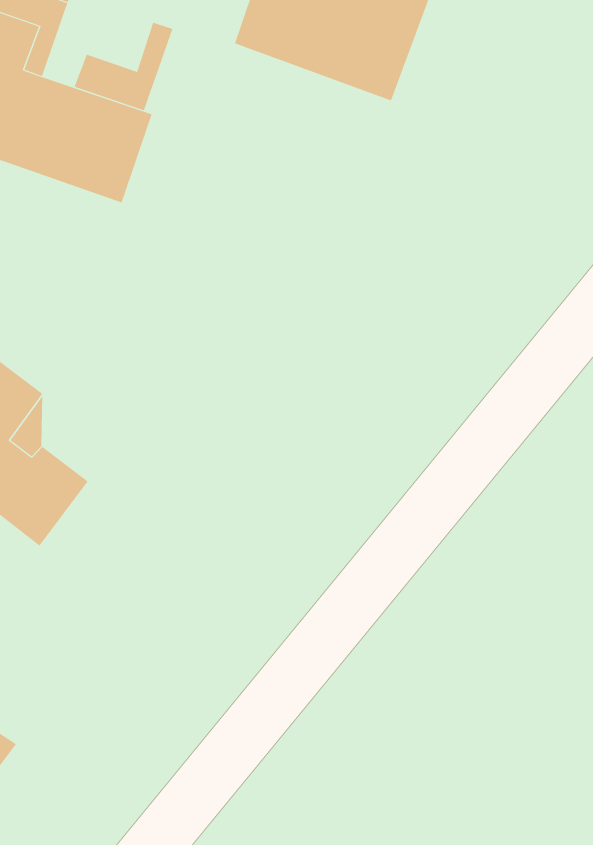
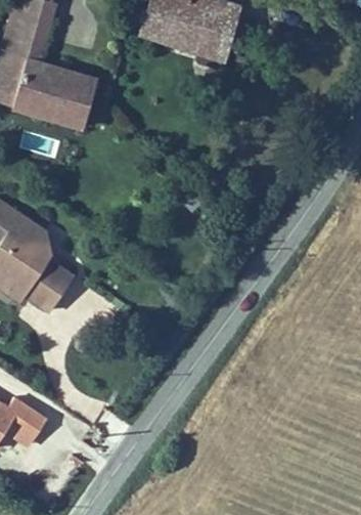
building: [74,22,173,111] -> none

